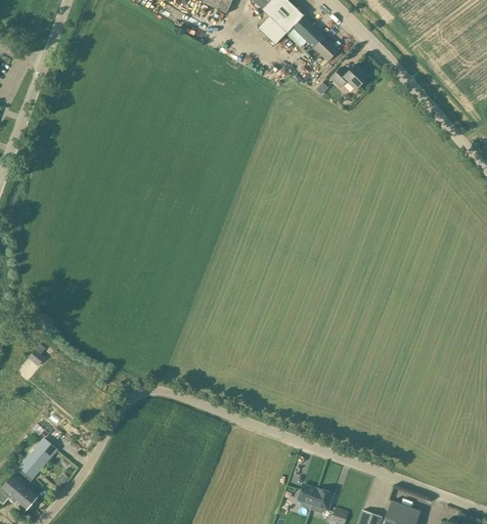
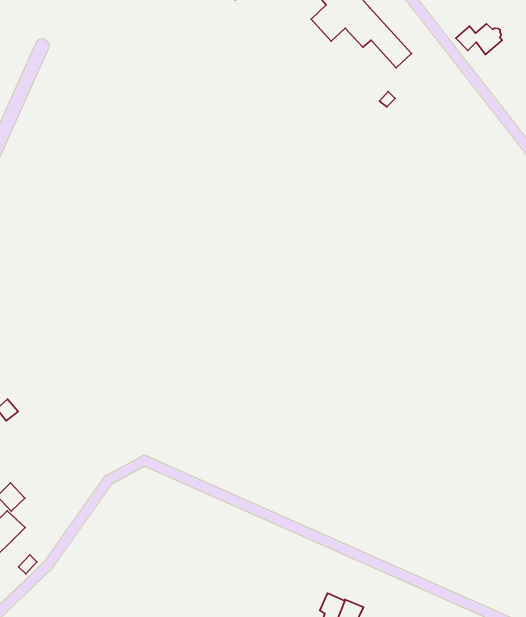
building: [330,64,367,89] -> [456,24,502,54]

